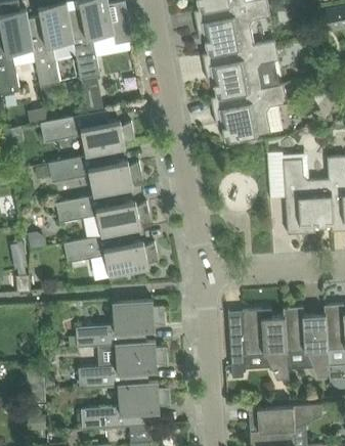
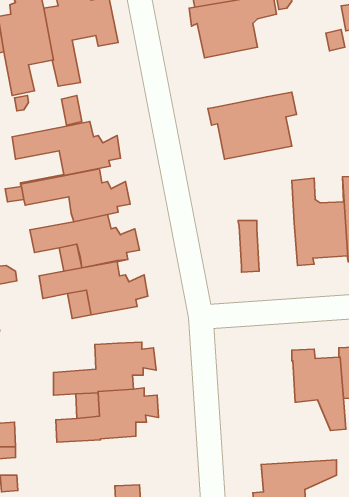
building: [203,41,279,97] -> none
building: [267,153,286,198] -> [238,220,259,272]
building: [228,310,290,381] -> none
building: [81,382,171,429] -> none

